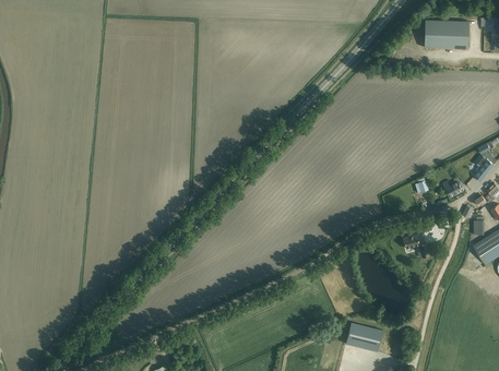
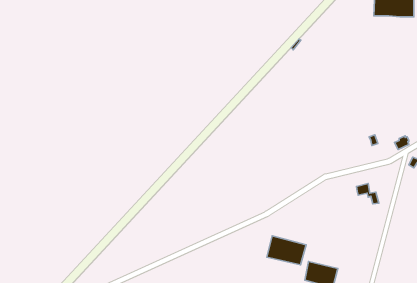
building: none -> [267,236,306,265]

